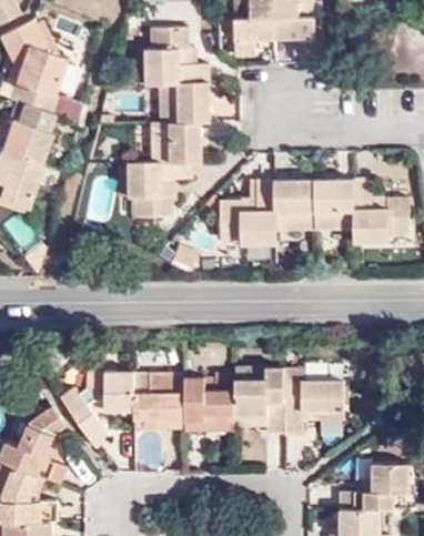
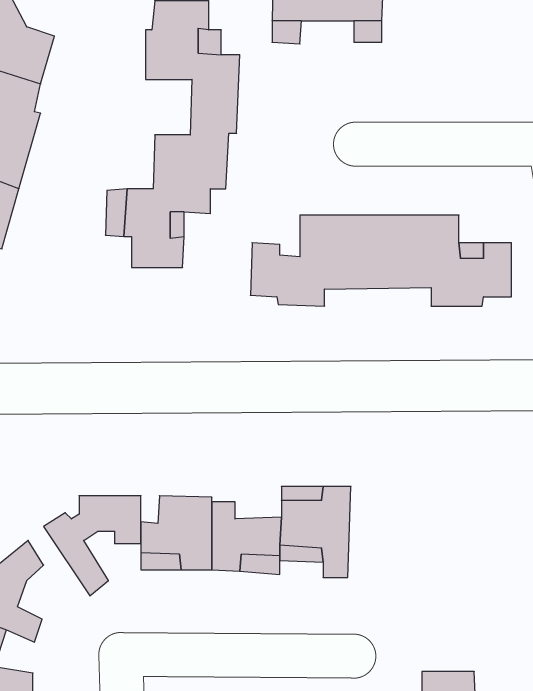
building: [286,374,343,439] -> none
building: [340,467,408,507] -> none

